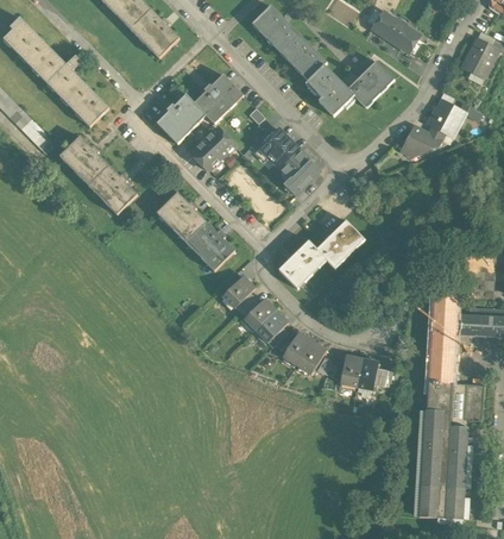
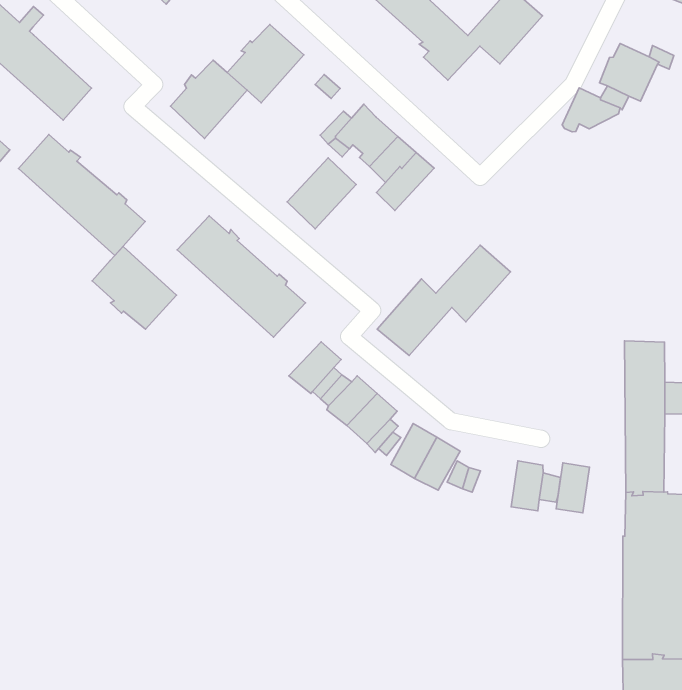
building: [190,127,234,171] -> [287,158,356,229]
building: none -> [92,247,177,329]
building: [339,355,361,387] -> [556,463,590,513]

